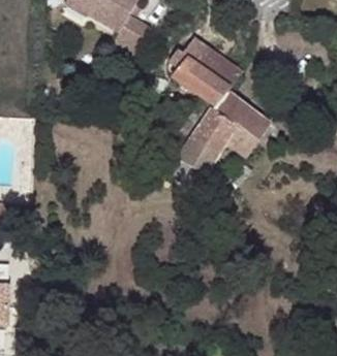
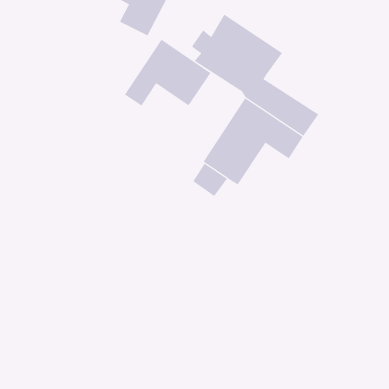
building: none -> [124,39,211,106]

